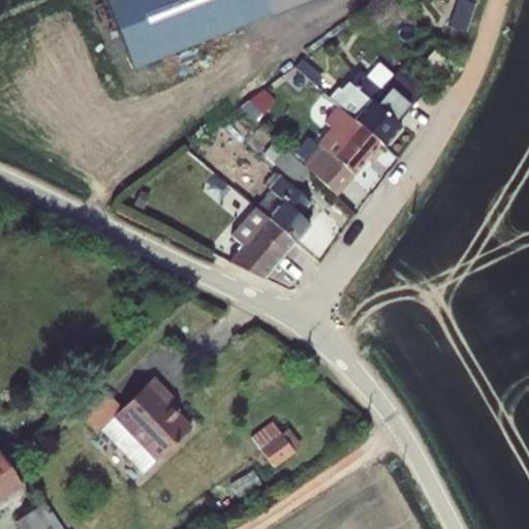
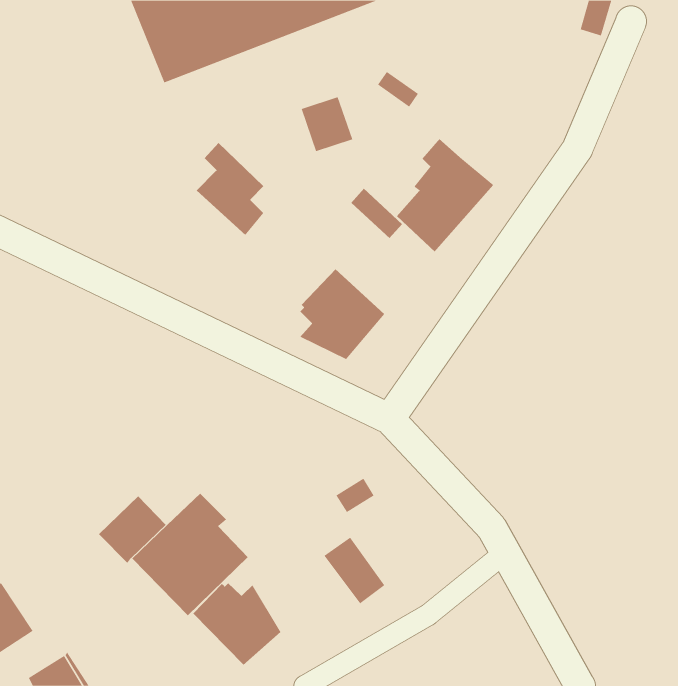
building: [340,73,409,146] -> none
building: [258,169,311,242] -> [196,142,264,236]
building: none -> [193,582,281,666]

